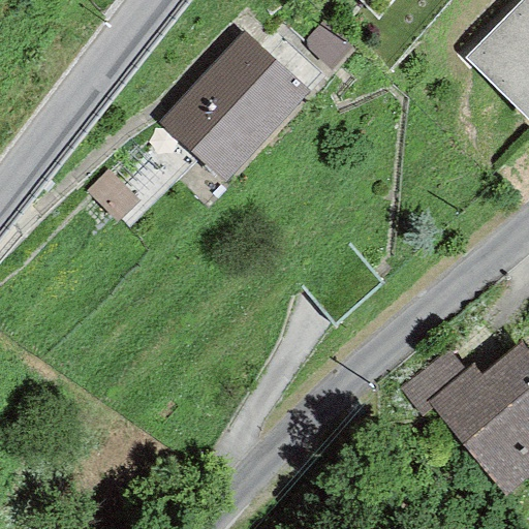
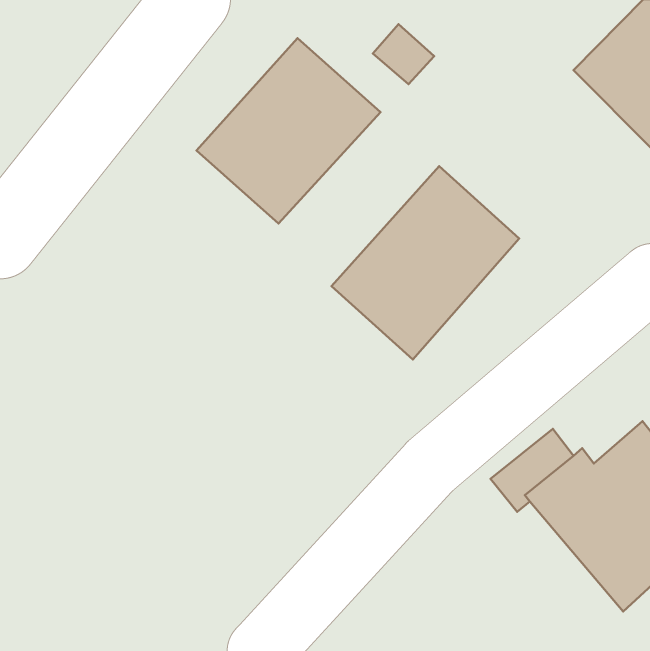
building: none -> [331,166,519,360]

